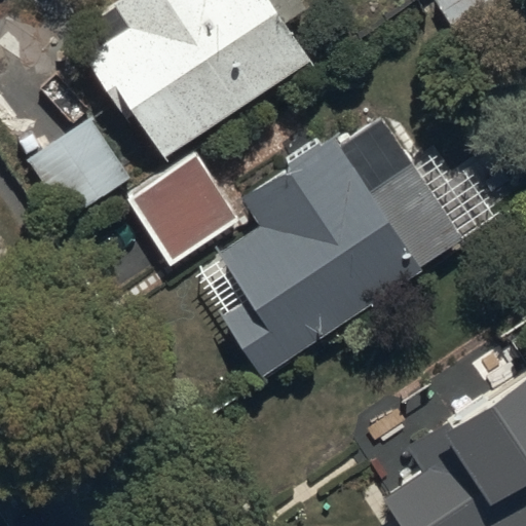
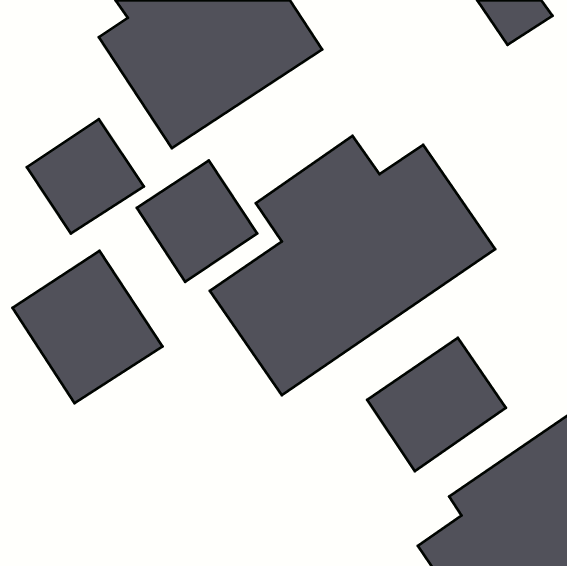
building: none -> [12,251,163,403]
building: none -> [367,338,506,471]

